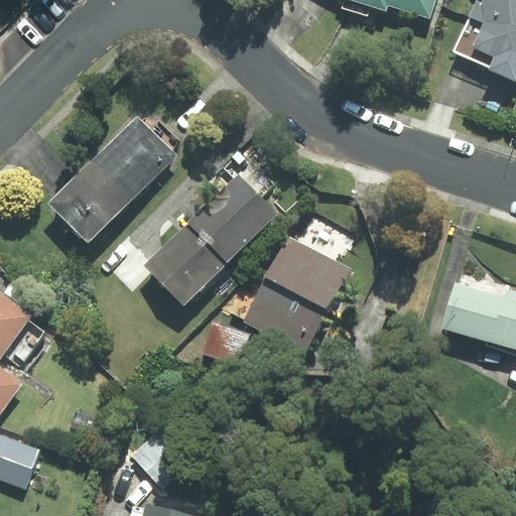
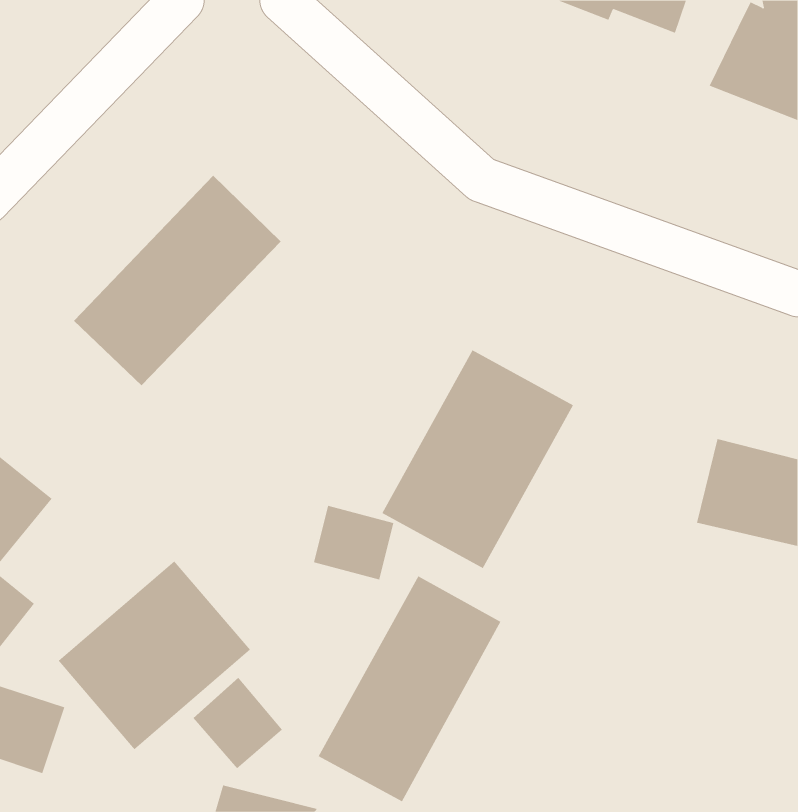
building: [143,172,280,307] -> none
building: none -> [58,560,251,750]
building: none -> [318,575,501,802]

